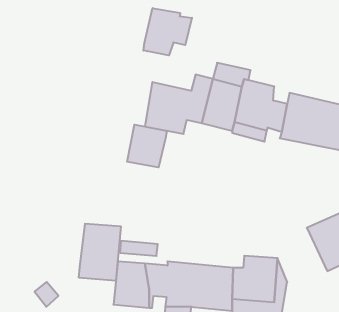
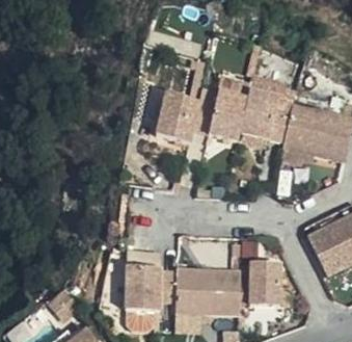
building: [143,8,192,55] -> none
building: [127,125,167,167] -> none
building: [79,224,121,281] -> none

